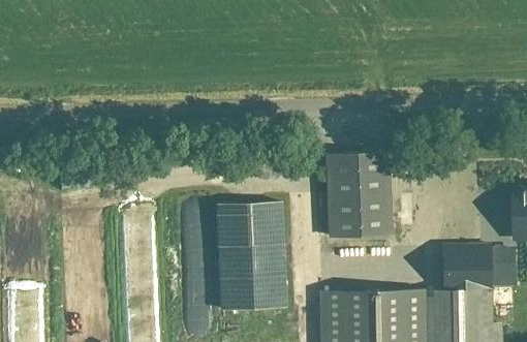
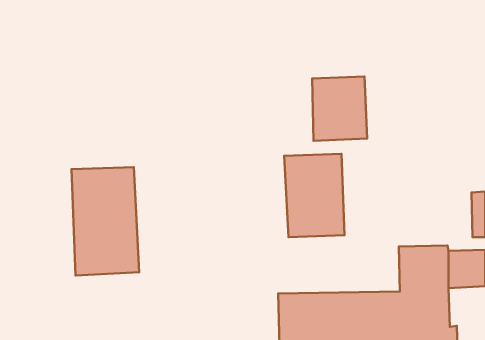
building: none -> [312,76,367,141]
building: [217,203,284,310] -> [71,167,139,275]

